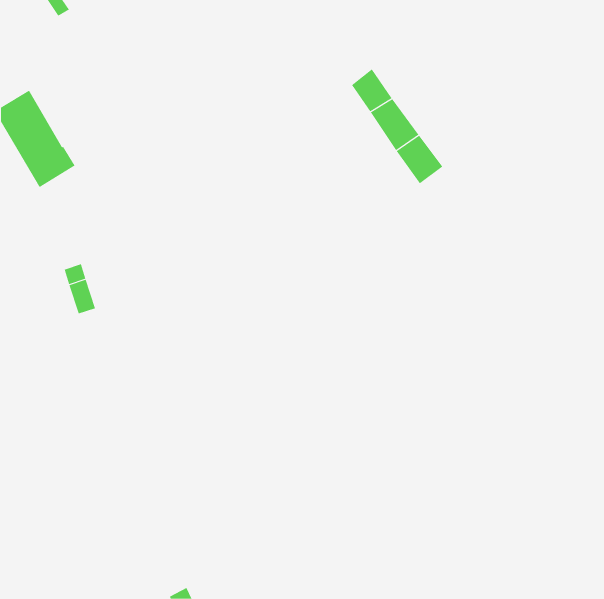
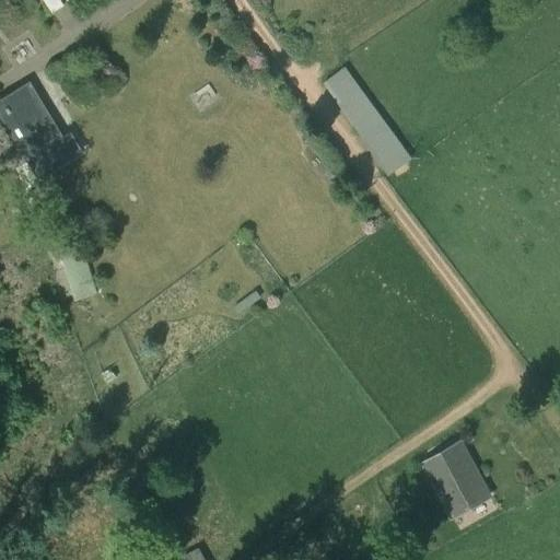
building: none -> [432,440,489,512]

